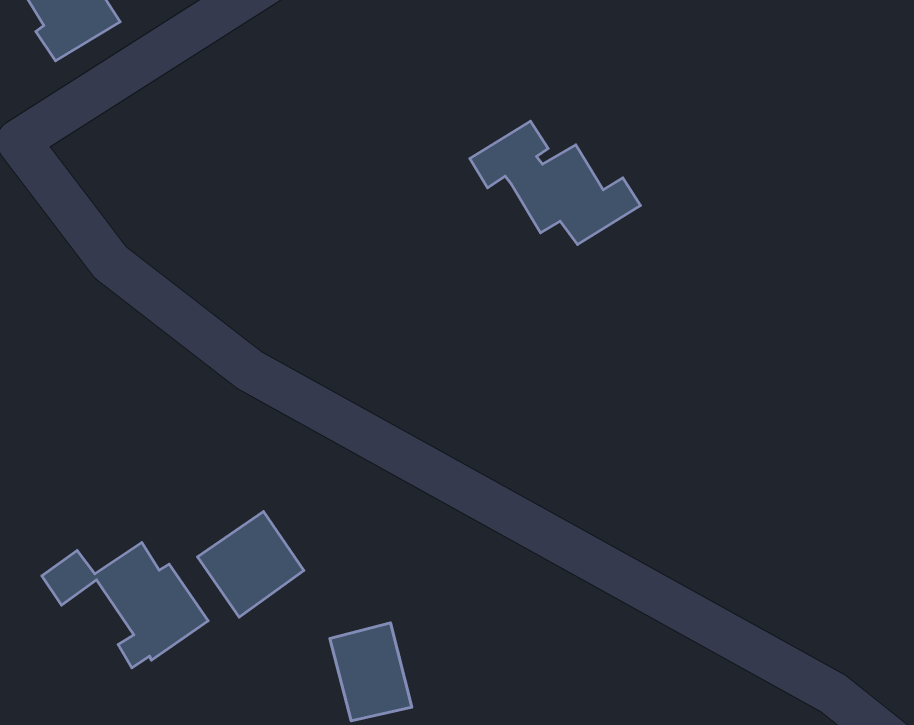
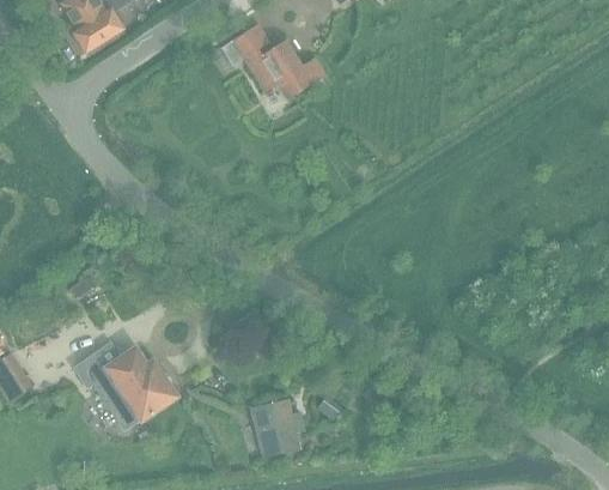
building: [470,121,640,245] -> [220,24,324,99]
building: [198,511,304,617] -> none

